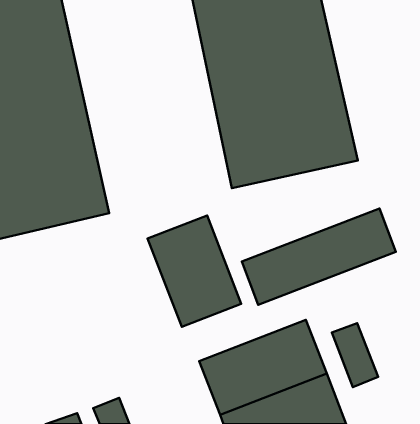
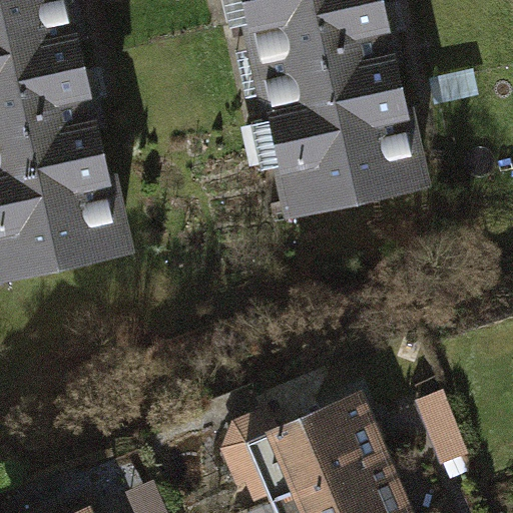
building: [242,208,396,305] -> none
building: [148,216,241,327] -> none

